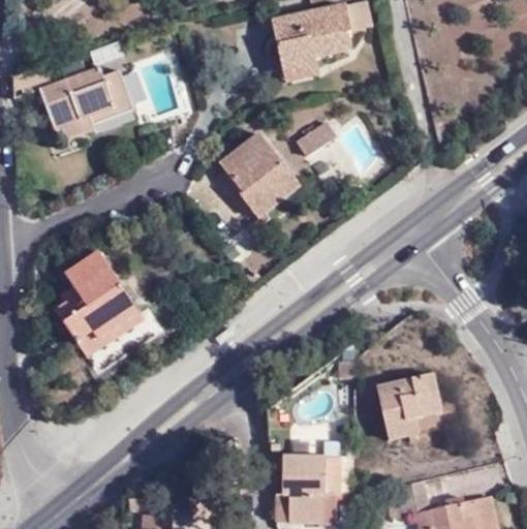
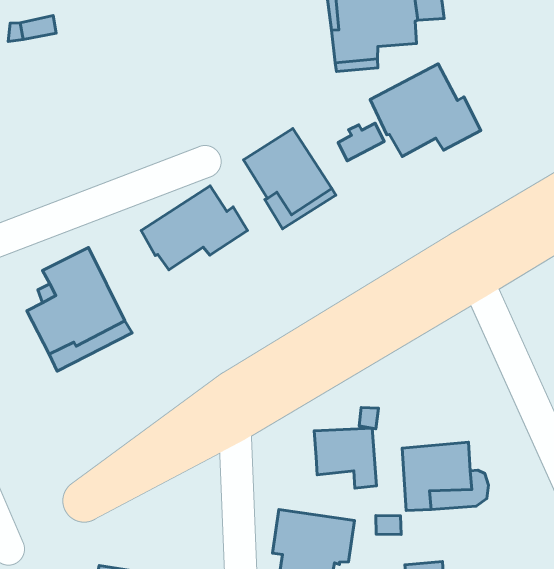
building: none -> [370,64,481,157]
building: [39,68,132,141] -> none
building: none -> [141,186,248,270]
building: none -> [314,428,376,488]

